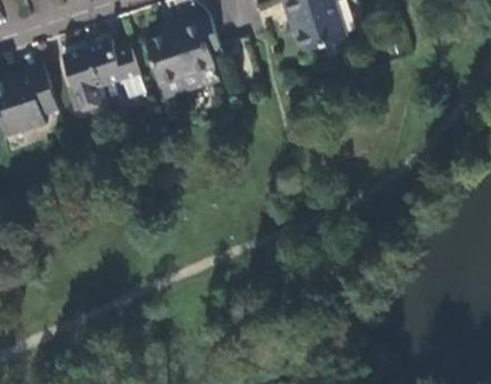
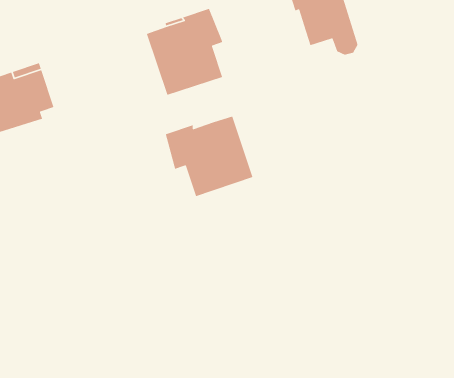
building: [62,38,144,110] -> none
building: none -> [165,115,253,197]

